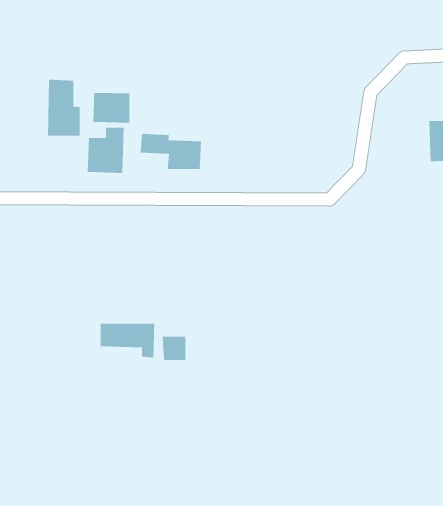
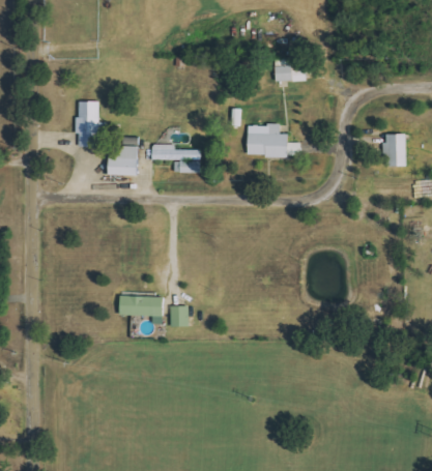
building: none -> [273,65,304,81]
building: [93,92,130,123] -> none
building: none -> [247,124,298,155]

